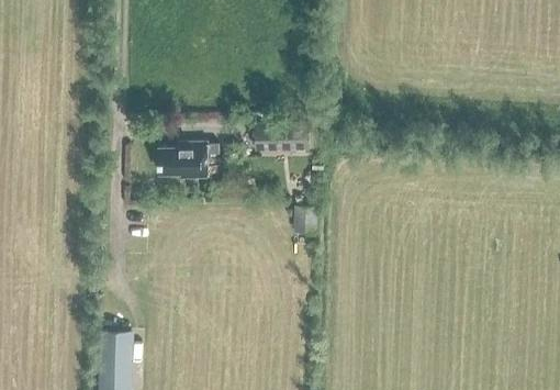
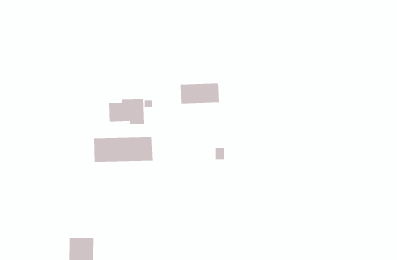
building: none -> [94,136,153,163]

